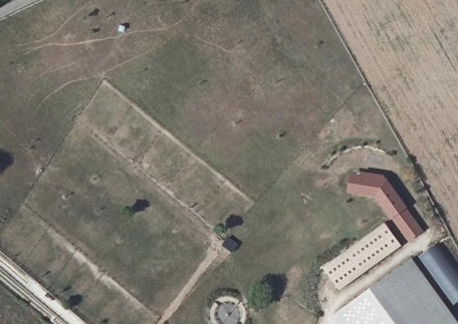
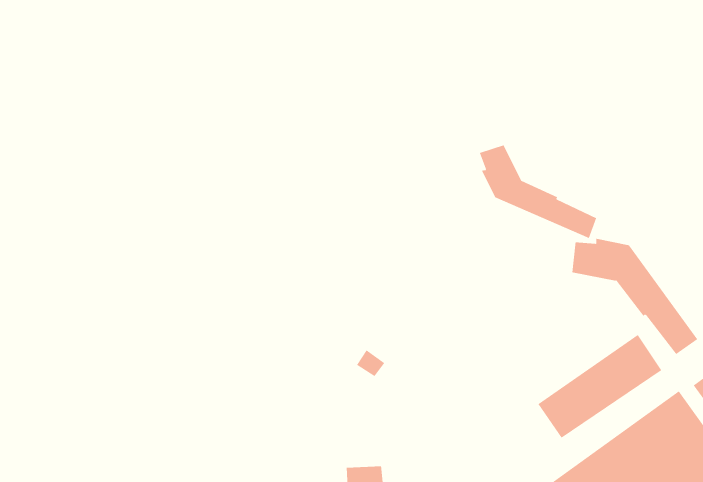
building: none -> [479,145,597,239]

